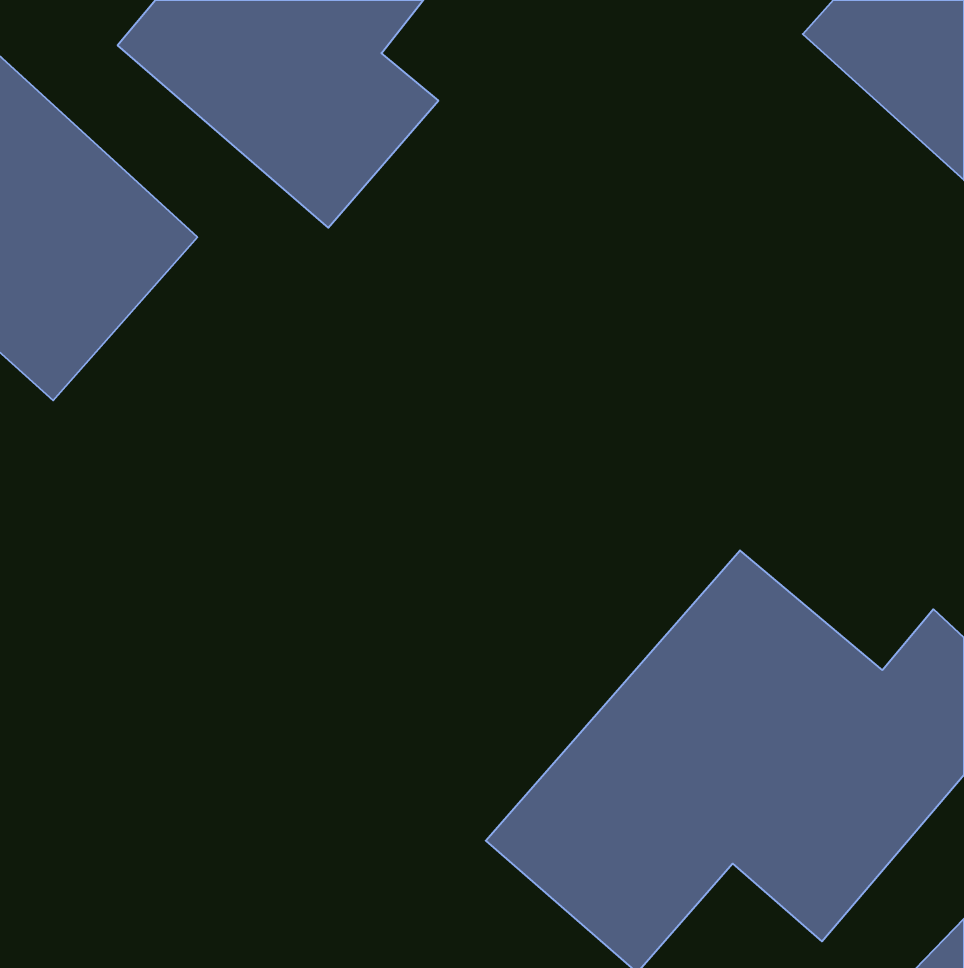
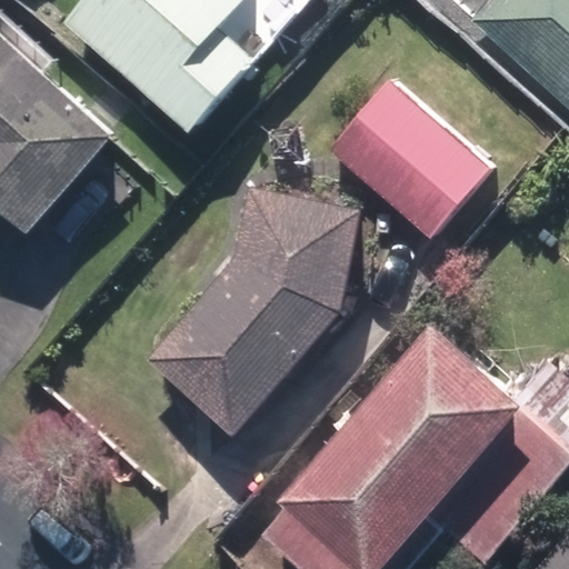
building: none -> [333,81,496,239]
building: none -> [150,190,359,427]

